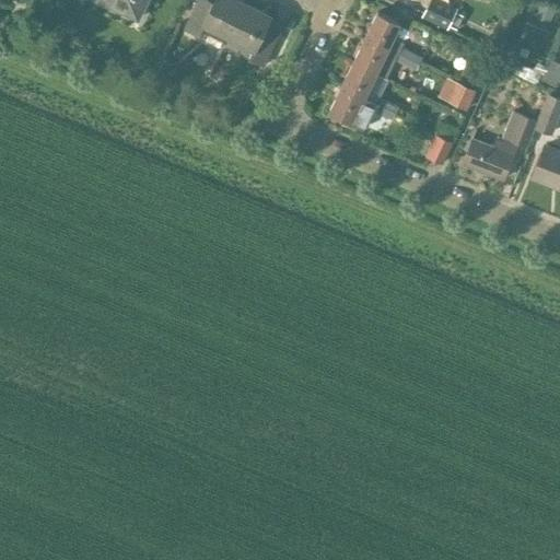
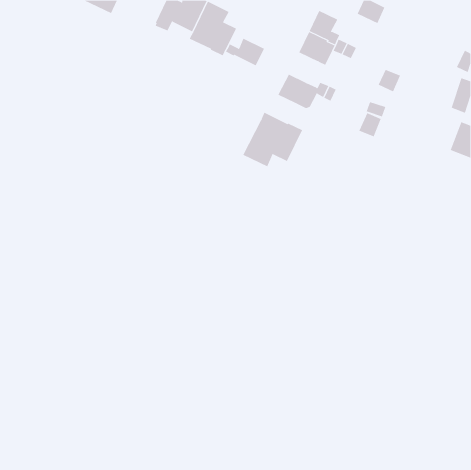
building: none -> [225,38,265,66]
building: [342,63,377,100] -> none
building: [502,110,537,147] -> none
building: none -> [243,112,303,167]
building: [464,139,517,179] -> none

